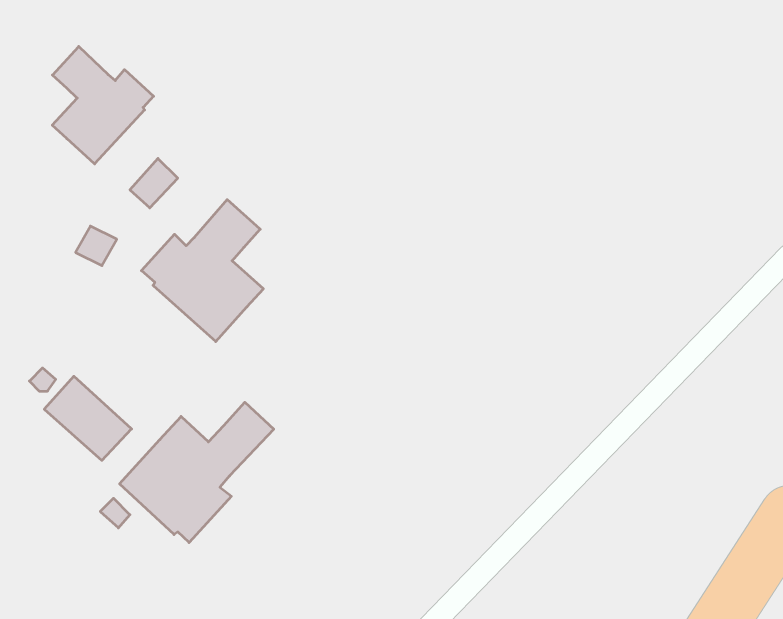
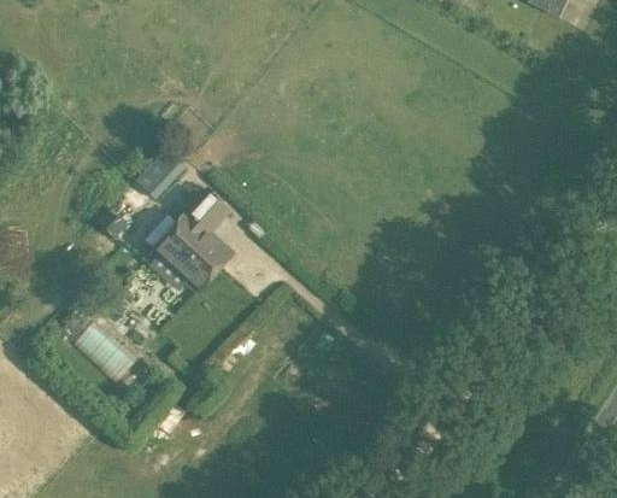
building: [52,46,154,164] -> none
building: [120,402,274,543] -> none

